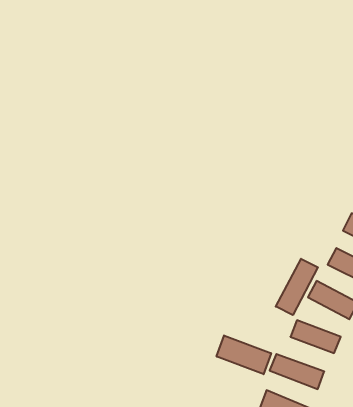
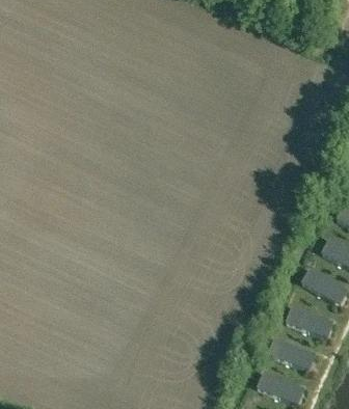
building: [276,259,318,315] -> none
building: [217,335,271,374] -> none

